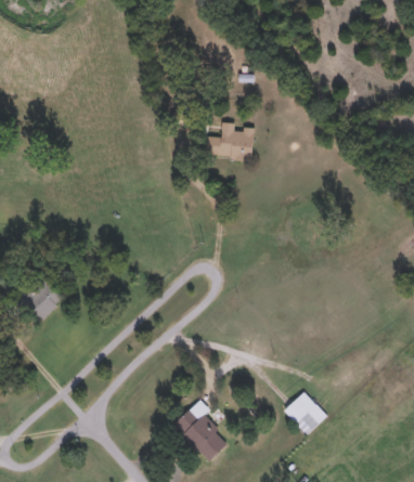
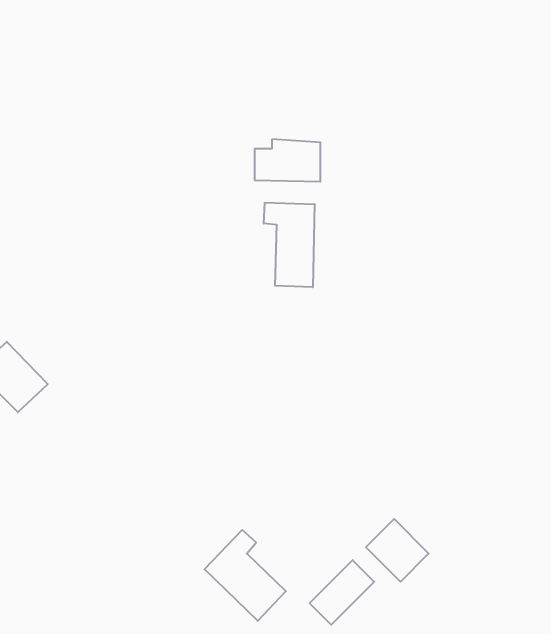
building: none -> [264,203,315,287]
building: none -> [310,560,374,625]

